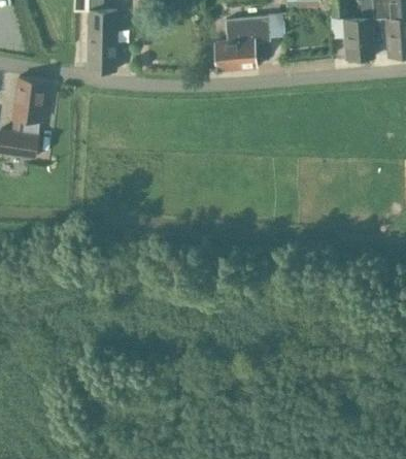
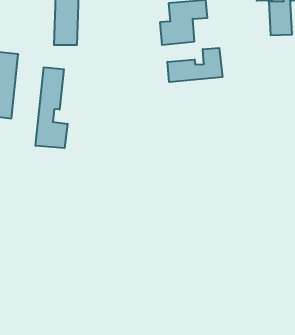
building: none -> [167,48,222,82]
building: none -> [35,67,68,148]

